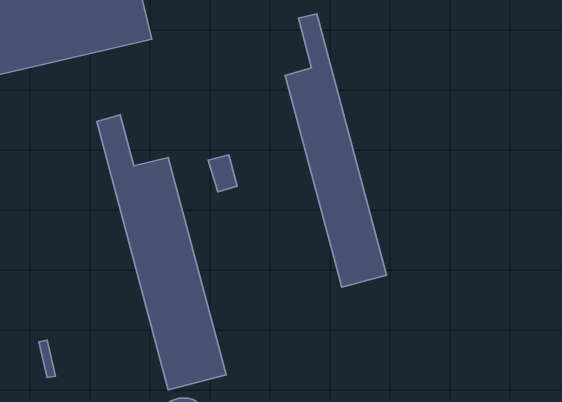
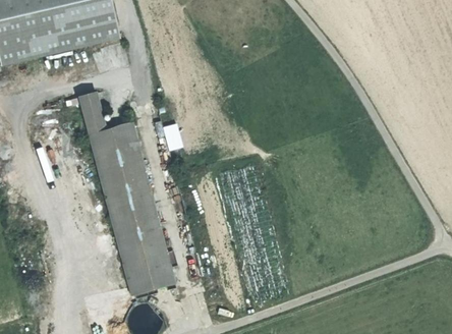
building: [285,14,387,287] -> none

